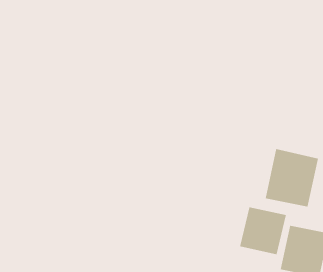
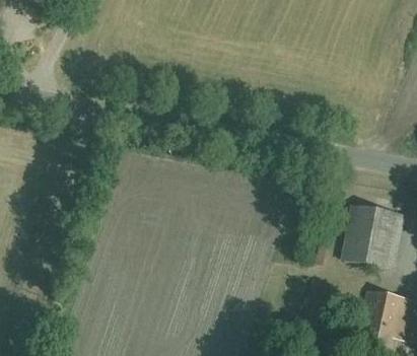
building: [240,206,287,255] -> none

